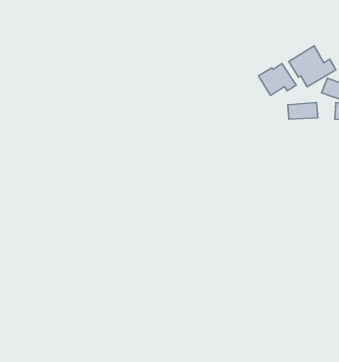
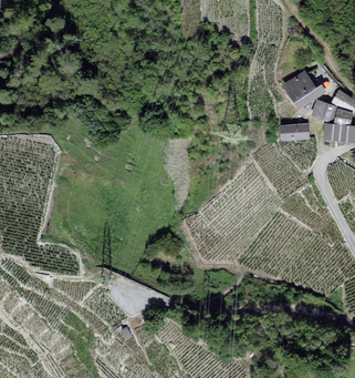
building: [259,63,296,95] -> none

